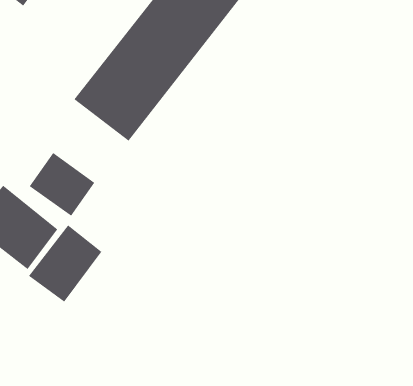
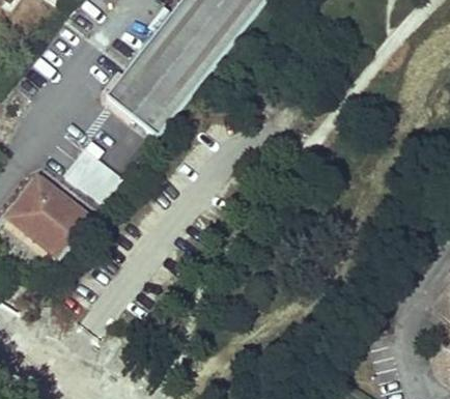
building: [28,224,102,303] -> none

